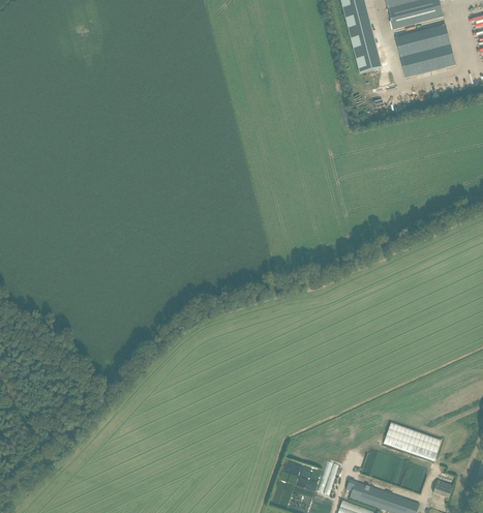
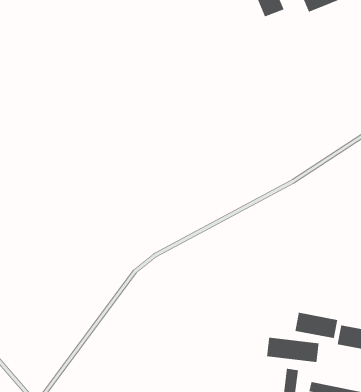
building: none -> [295,312,338,339]
building: none -> [266,337,319,363]

